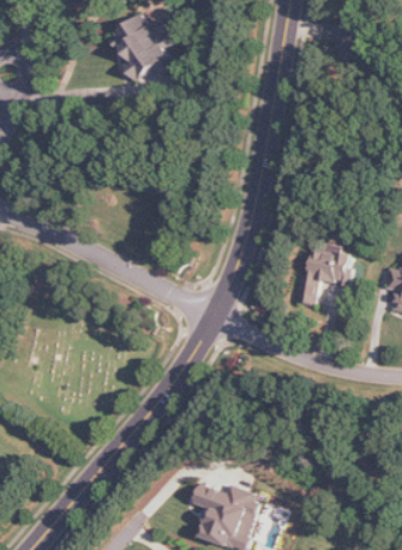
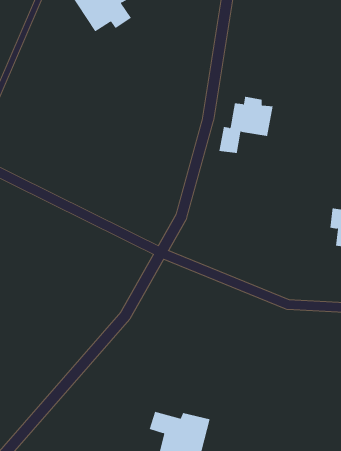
building: [294,243,353,304] -> [219,96,274,153]

